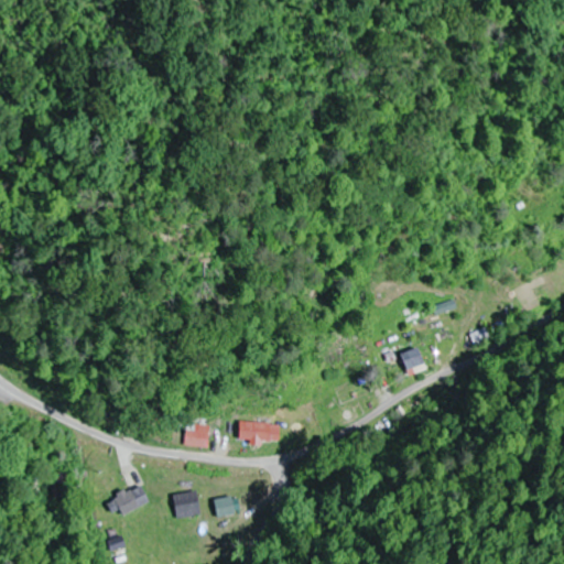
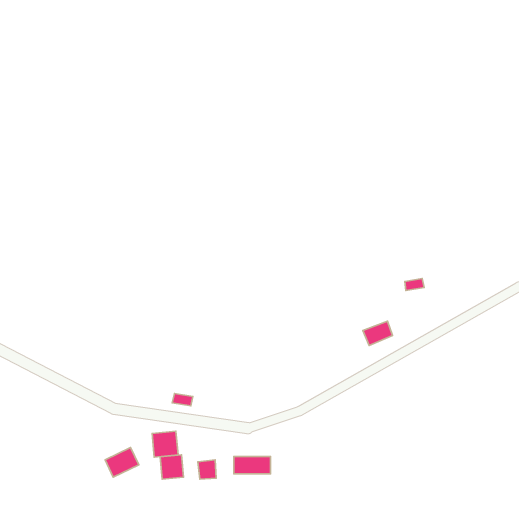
building: [240,423,280,442] -> [234,457,271,474]
building: none -> [152,431,178,457]

